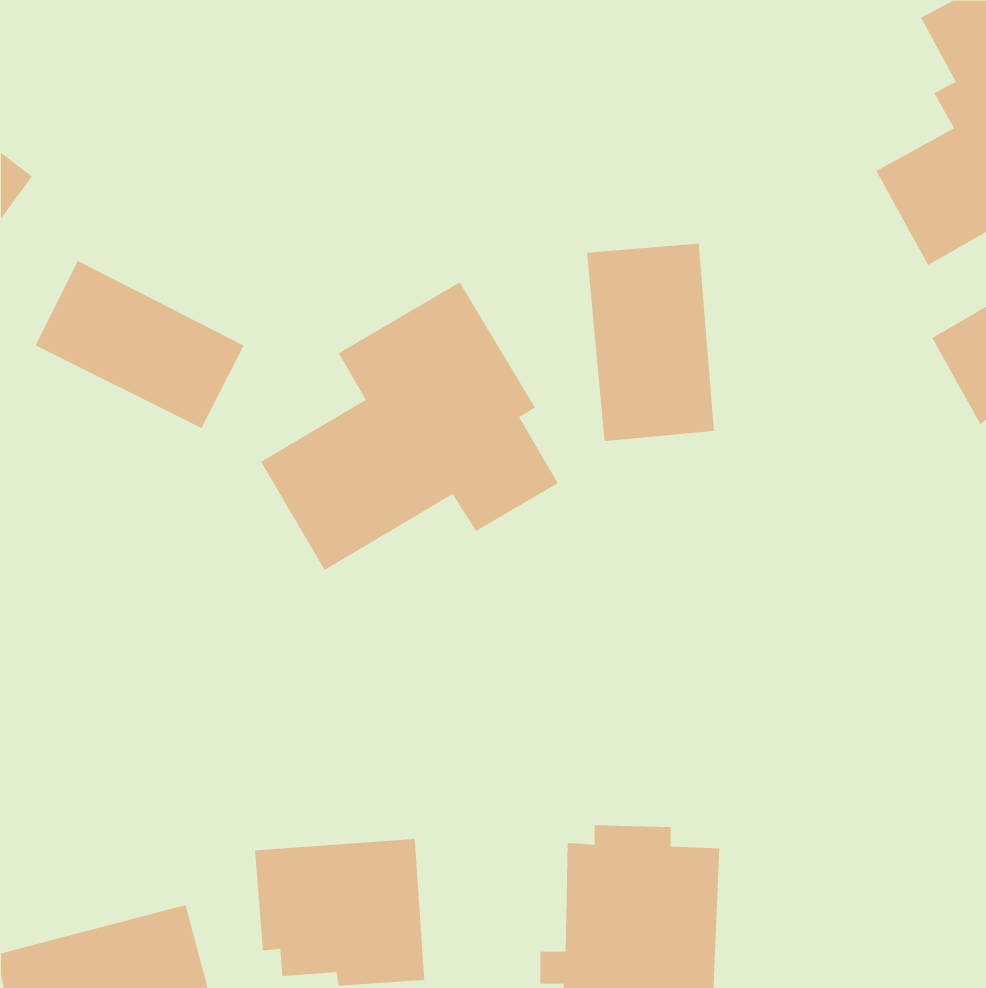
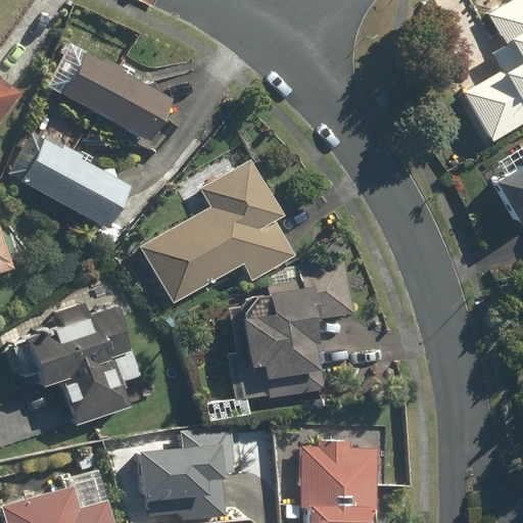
building: none -> [48,44,172,141]
building: [586,243,715,442] -> none
building: none -> [243,263,356,398]
building: none -> [7,291,145,426]

